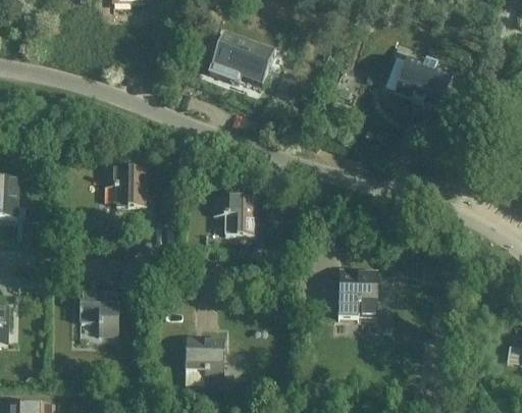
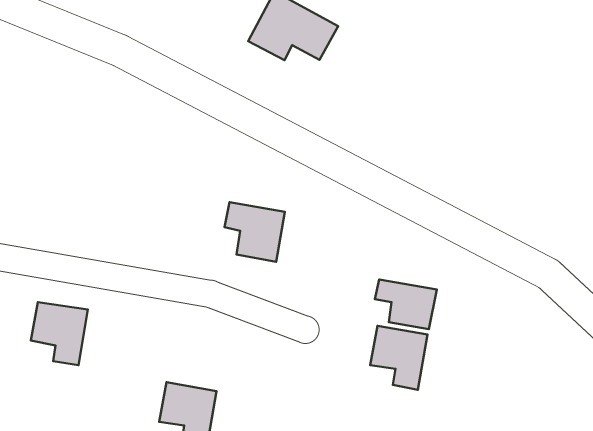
building: [394,46,450,108] -> none
building: [102,167,145,207] -> none
building: none -> [375,279,437,329]

